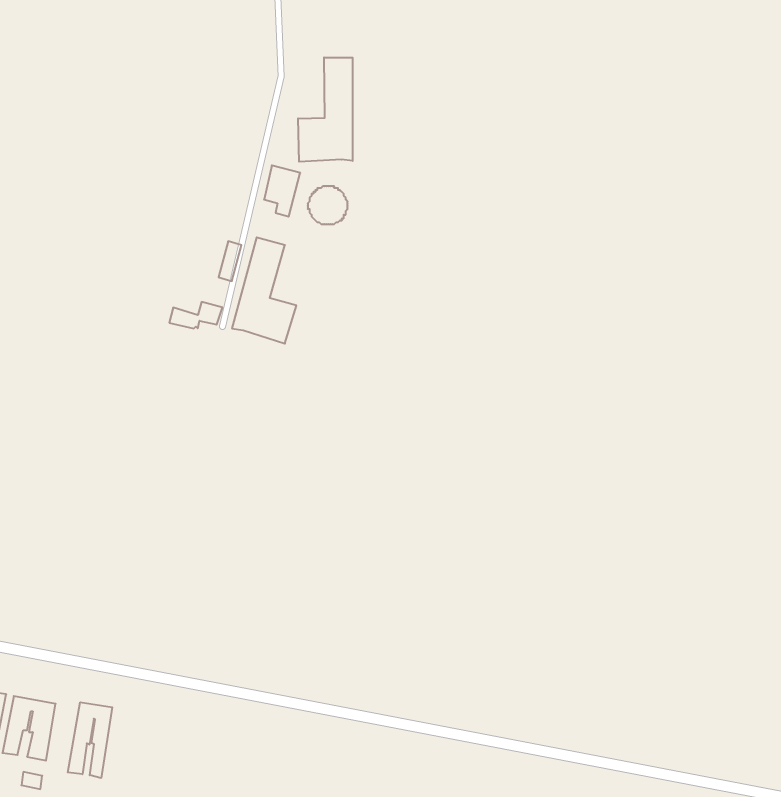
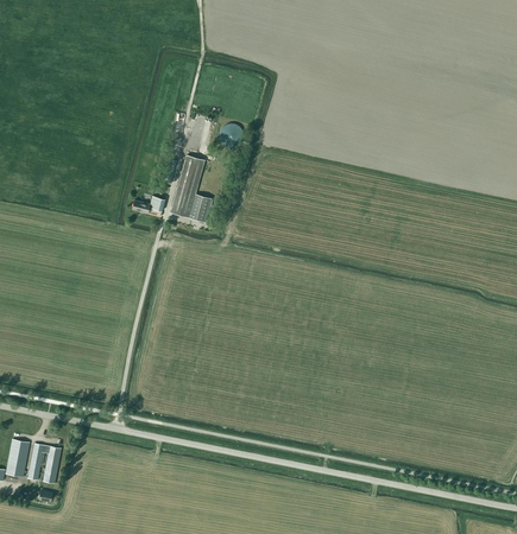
building: [298,57,353,162] -> none
building: [68,702,112,778] -> none

